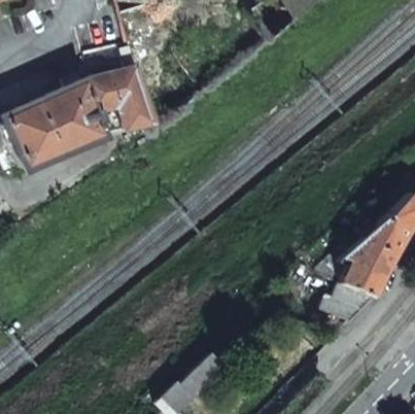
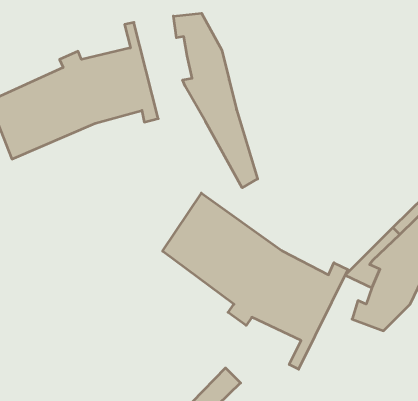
building: none -> [173,13,258,188]
building: none -> [163,193,348,369]

